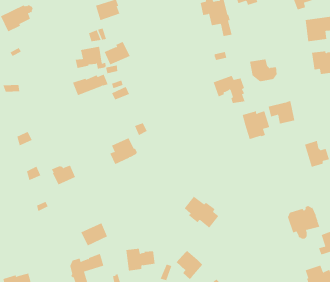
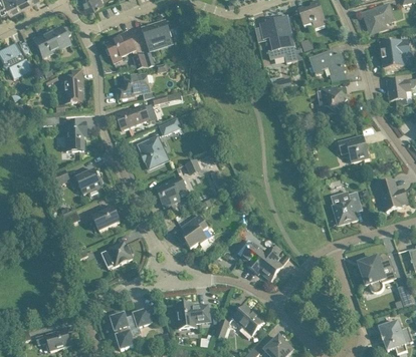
building: [104,41,130,65] -> [105,33,135,60]
building: none -> [61,76,81,104]
building: [213,75,246,103] -> [308,50,346,82]
building: none -> [64,122,84,151]
building: none -> [138,136,168,168]
building: [242,111,270,140] -> [330,192,362,225]
building: none -> [74,169,101,197]
building: none -> [180,215,207,250]
building: [81,222,108,246] -> [99,243,131,270]

